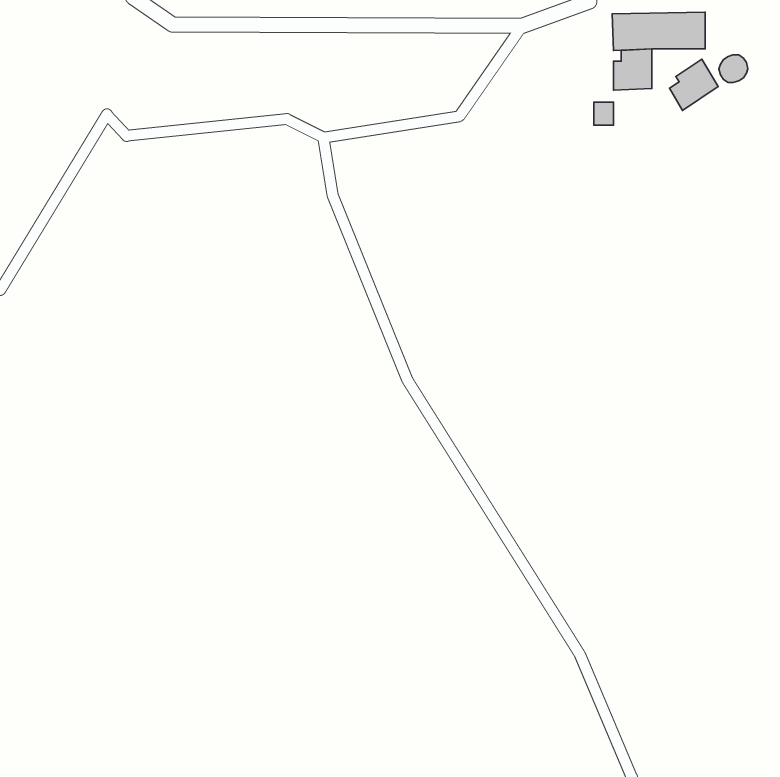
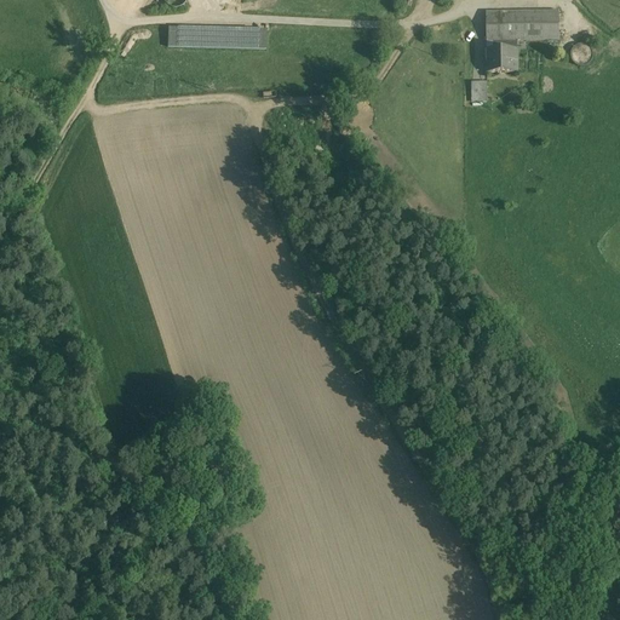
building: none -> [168,25,266,47]
building: [670,59,718,110] -> none

